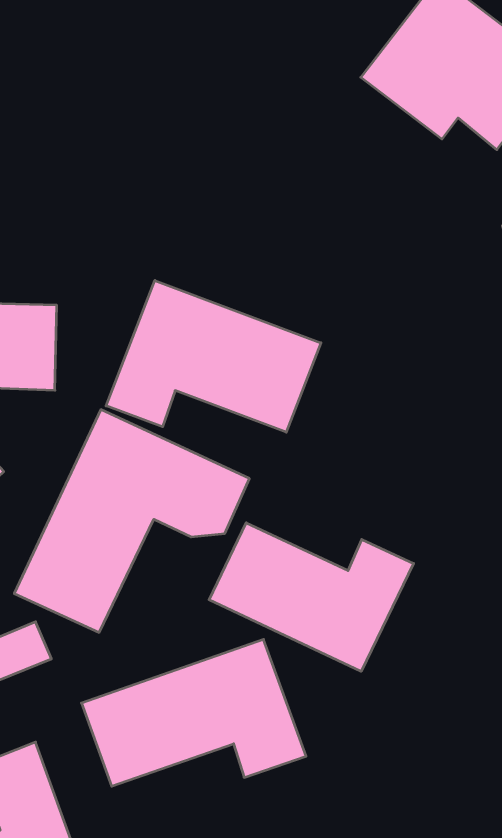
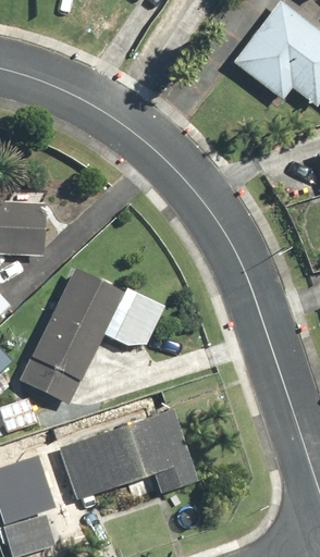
building: [106,280,321,432] -> none
building: [209,523,414,671] -> none

